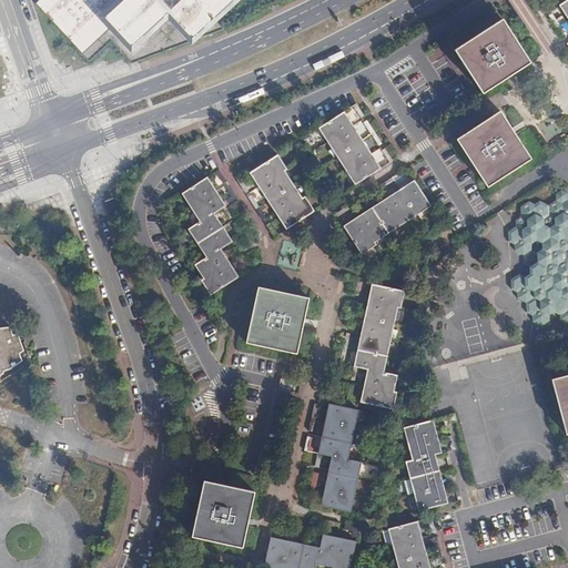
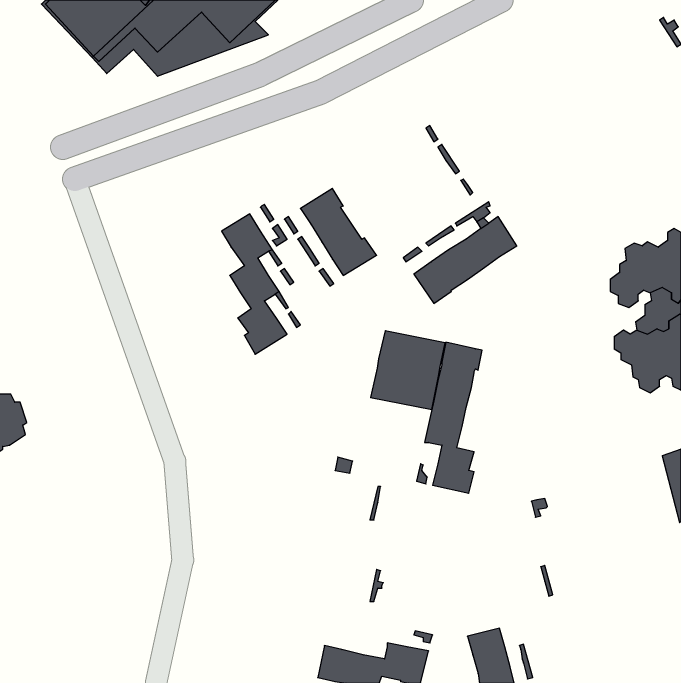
building: [454,19,530,93] -> none
building: [456,110,530,186] -> none
building: [320,112,379,183] -> none
building: [245,287,307,353] -> [371,331,445,410]
building: [317,404,358,513] -> none
building: [404,418,446,510] -> none
building: [191,480,254,548] -> none

